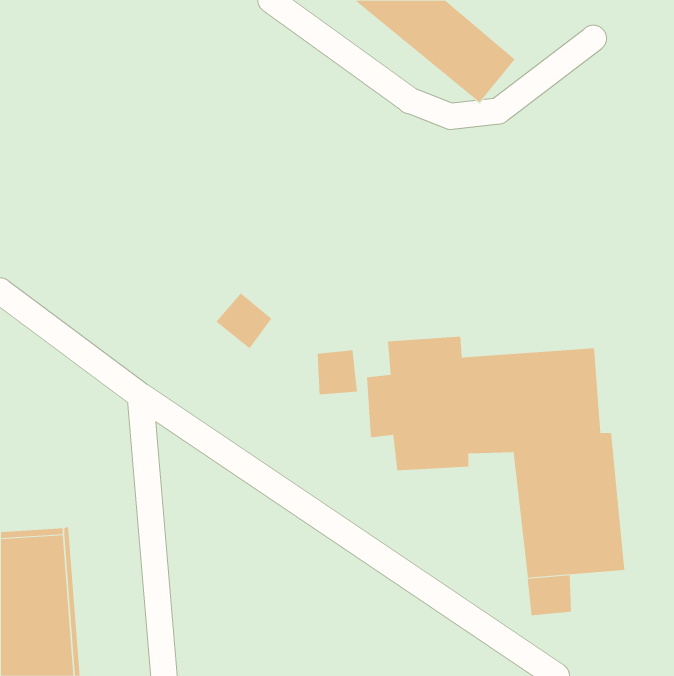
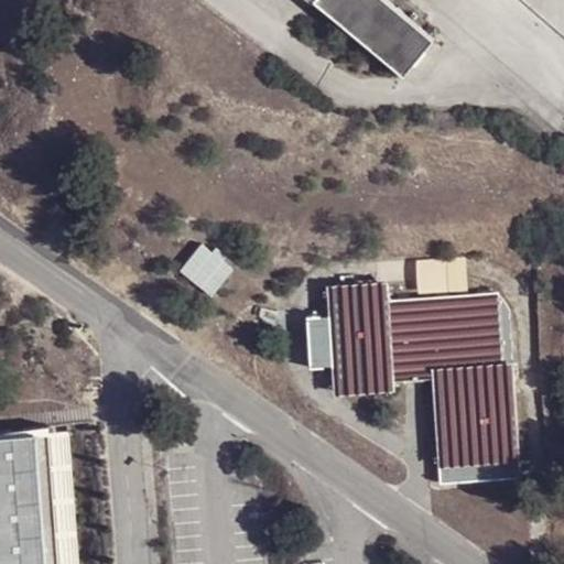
building: [317,349,357,395] -> none
building: [527,575,571,616] -> none

